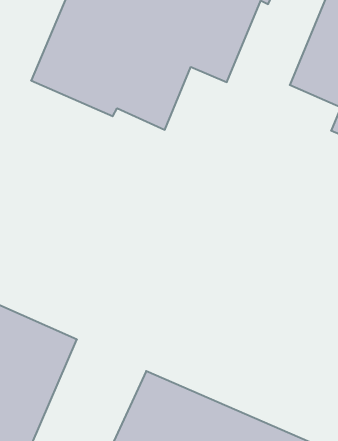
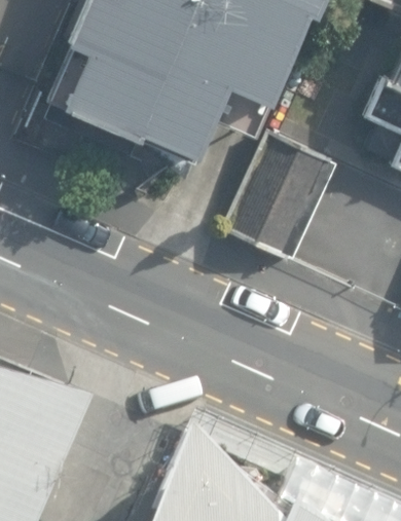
building: none -> [235,132,343,254]

